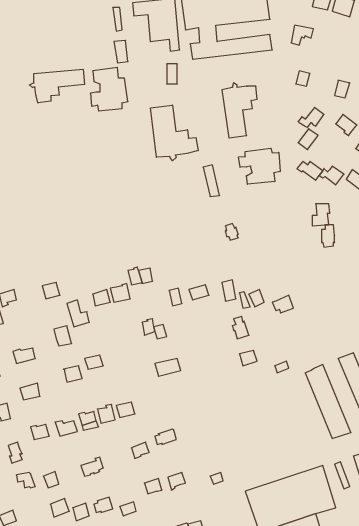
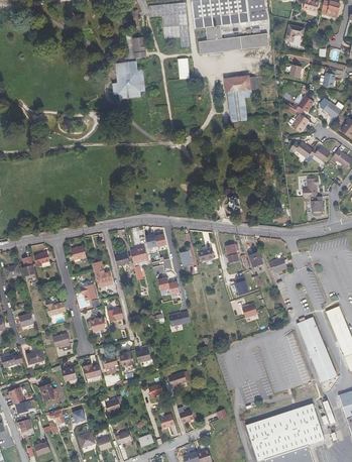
building: [29,69,85,103] -> none
building: [151,105,198,161] -> none
building: [239,148,280,184] -> none

